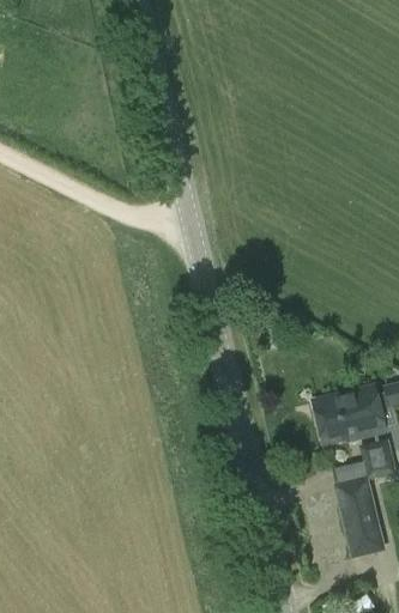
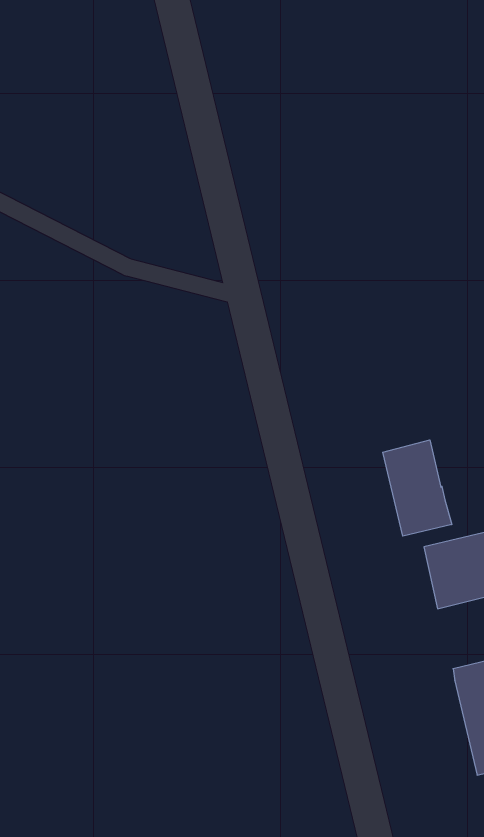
building: none -> [383,440,452,536]

